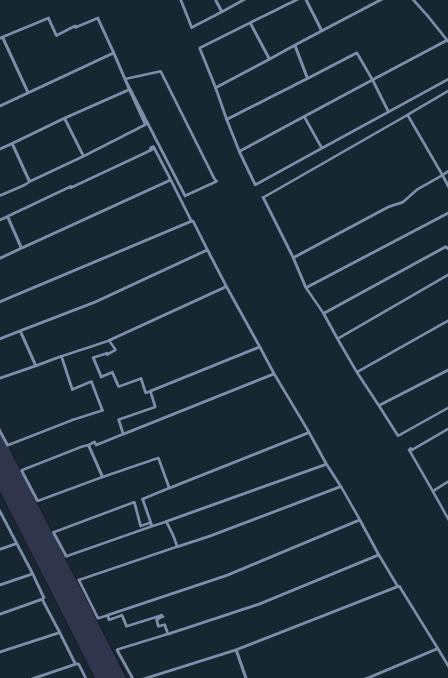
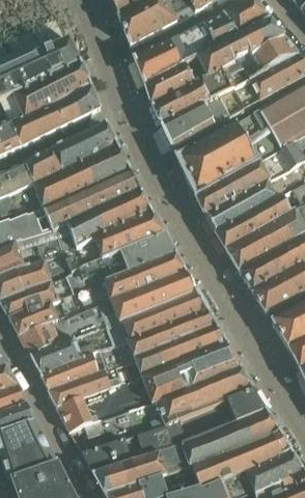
building: [125,71,217,196] -> none
building: none -> [10,301,59,334]
building: none -> [30,338,93,375]
building: none -> [49,370,121,406]

